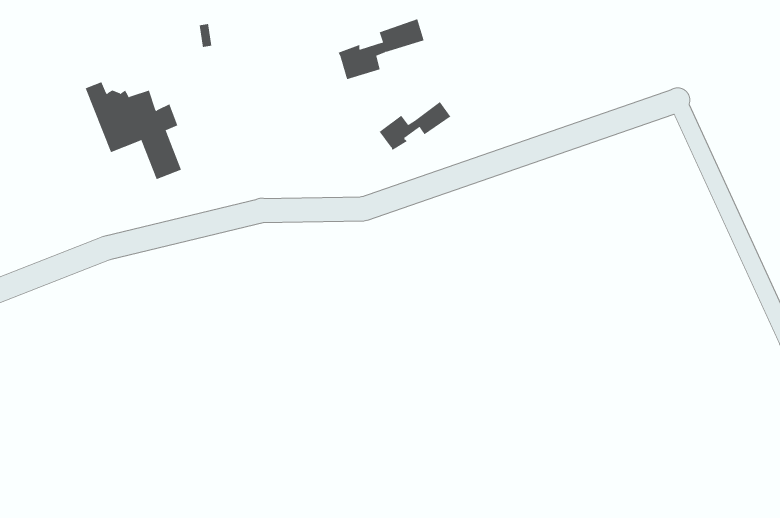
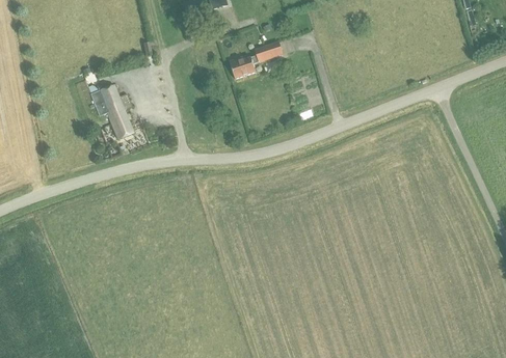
building: [379,101,451,151] -> none

